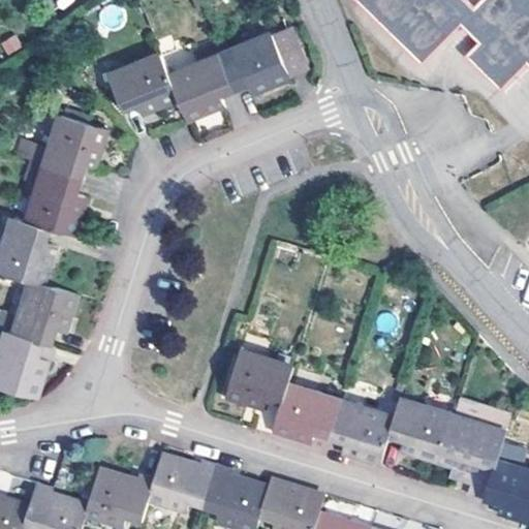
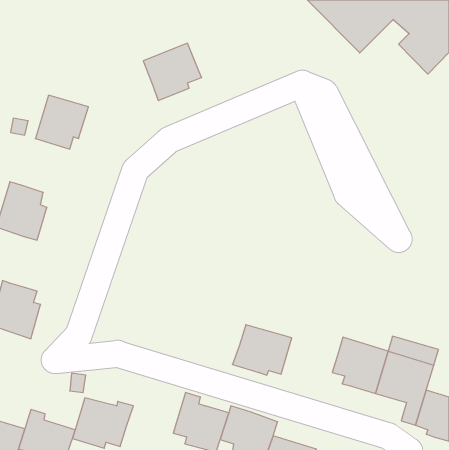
building: [219,25,306,92] -> none
building: [107,52,178,115] -> none
building: [25,163,83,232] -> none
building: [11,278,77,344] -> none
building: [225,347,293,409] -> none
building: [329,397,396,462] -> none
building: [148,454,217,510] -> none

